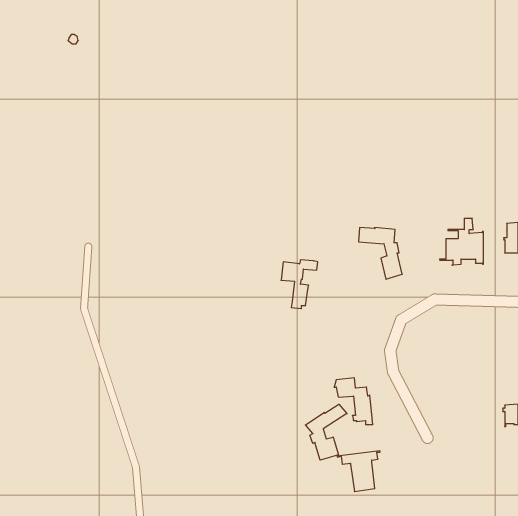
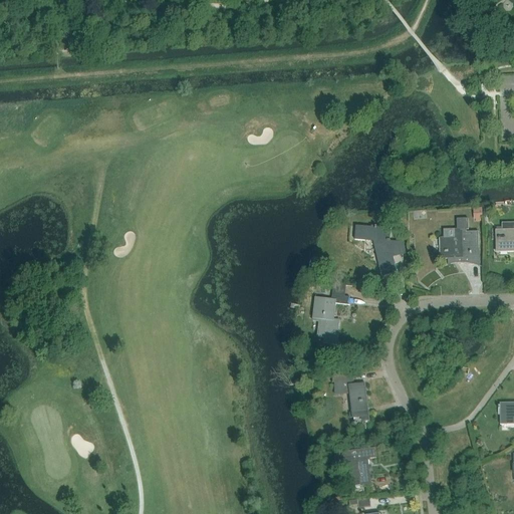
building: [281,260,318,309] -> [312,294,348,342]
building: [305,404,347,460] -> none

